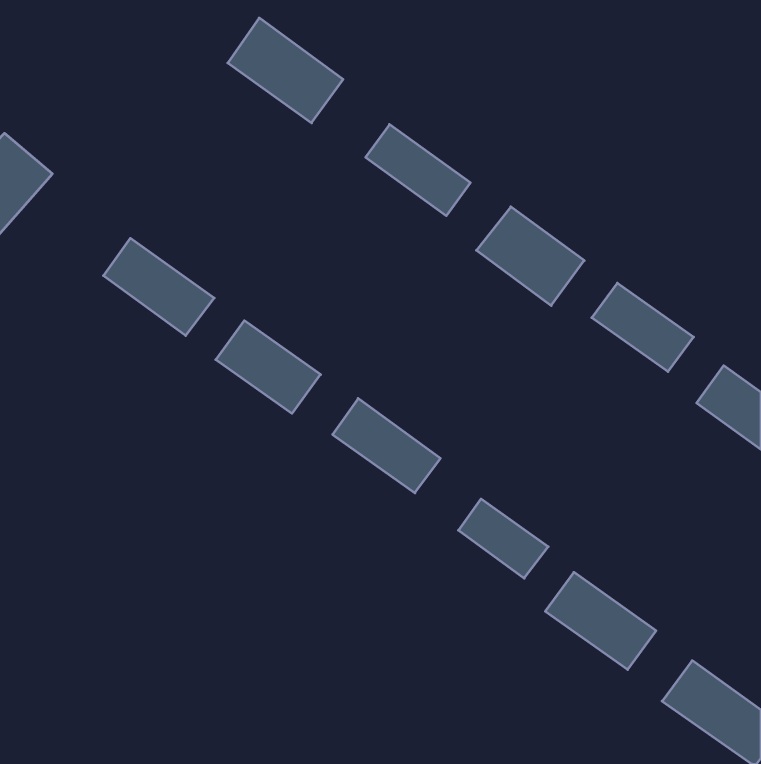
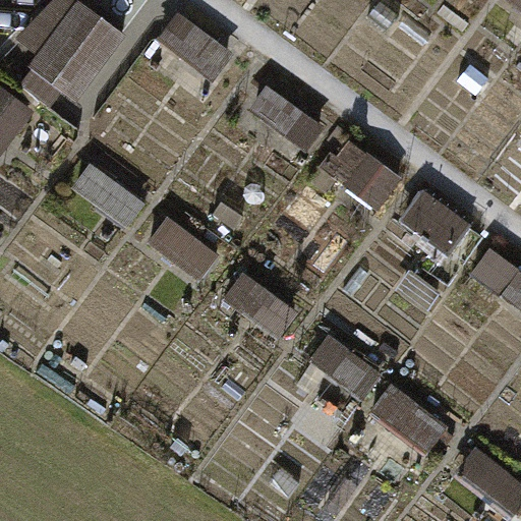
building: none -> [30,4,117,94]

